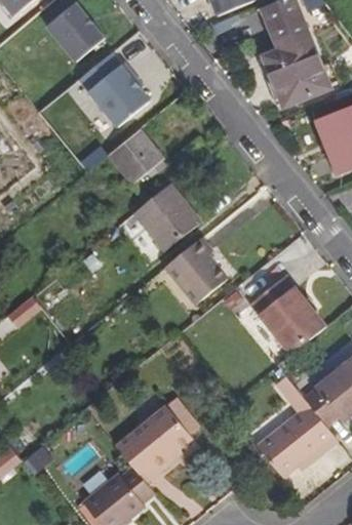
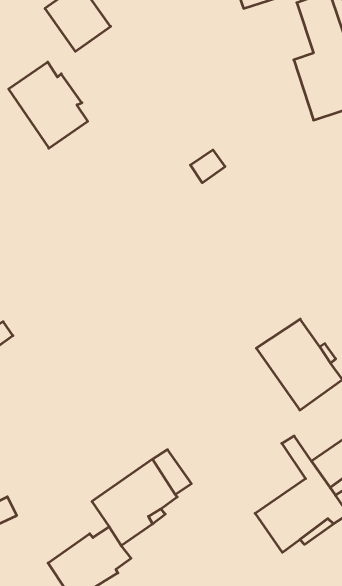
building: [79,52,149,126] -> [9,62,88,148]
building: [109,128,165,183] -> none
building: [134,184,200,249] -> none
building: [165,237,227,304] -> none

